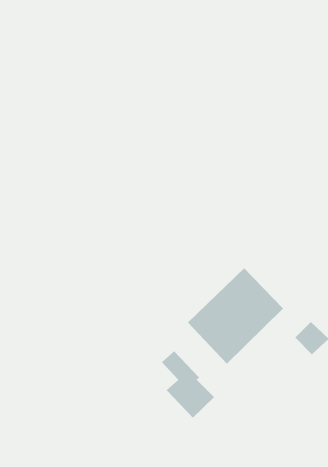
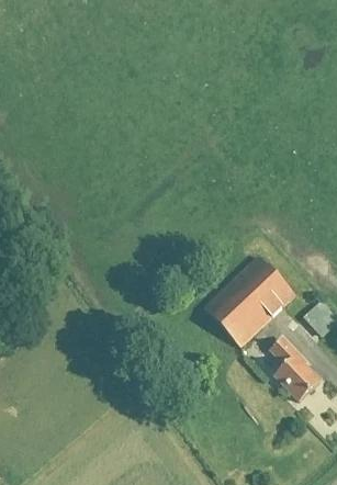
building: [161,351,215,418] -> [269,336,319,399]

